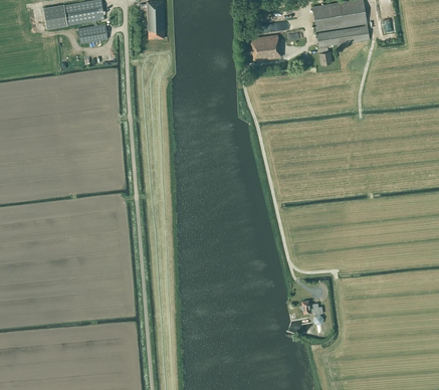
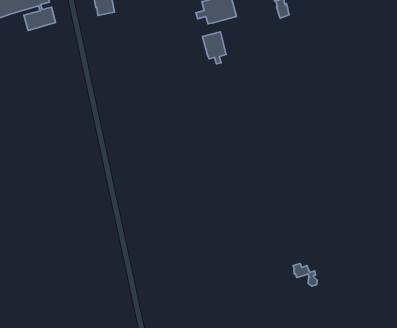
building: none -> [202,32,226,64]

